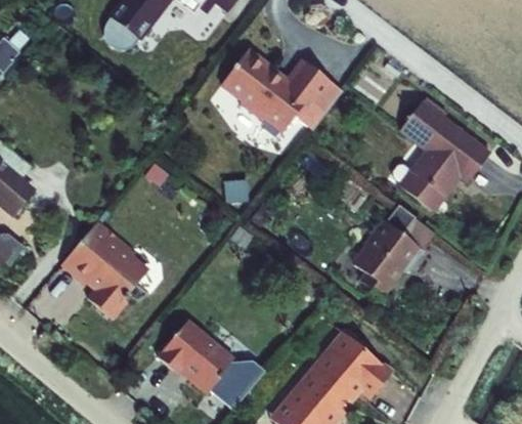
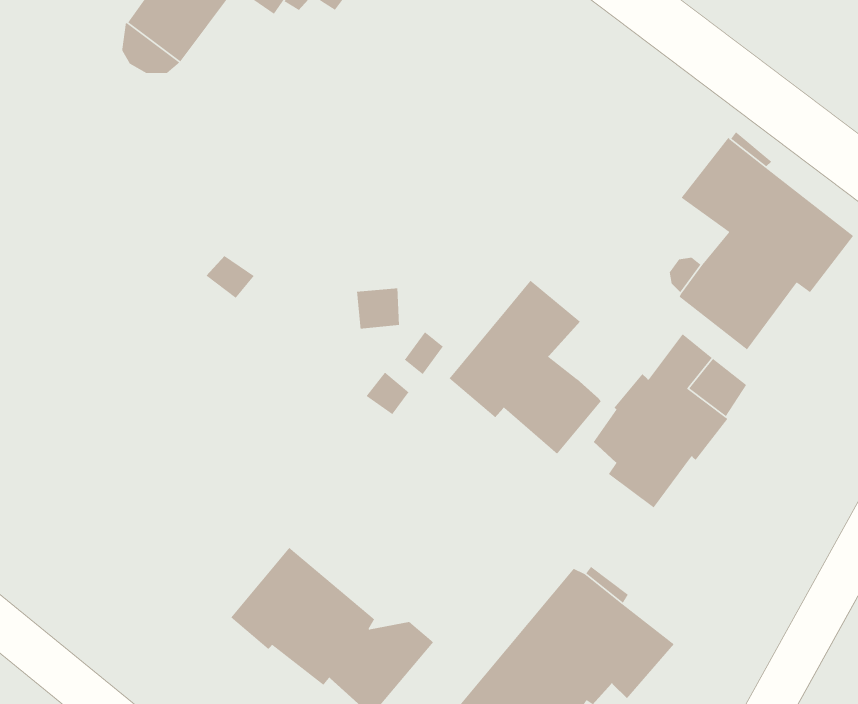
building: [220,47,343,133] -> none
building: none -> [448,279,602,455]
building: [60,220,149,320] -> none

